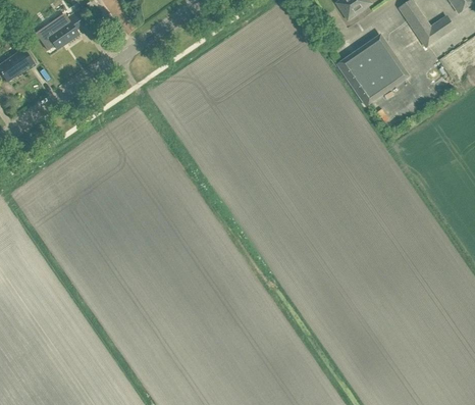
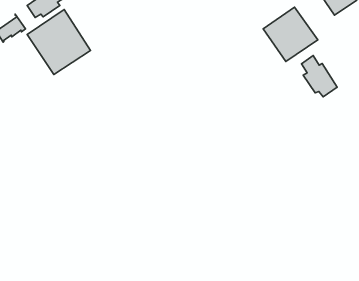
building: none -> [27,10,91,74]
building: none -> [301,55,337,97]

